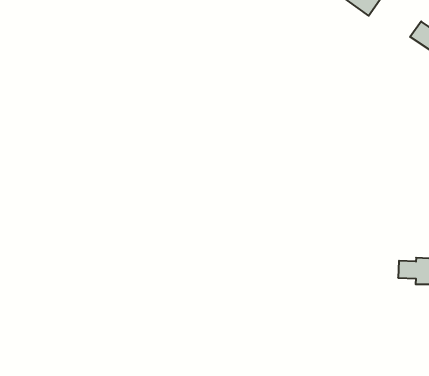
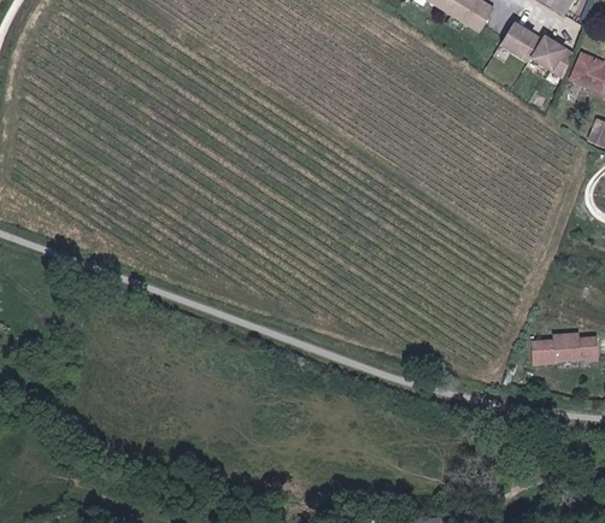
building: none -> [500,20,542,59]

